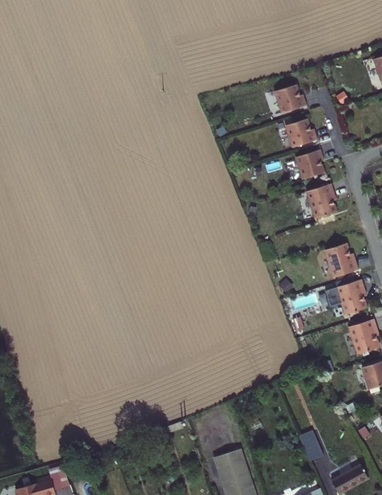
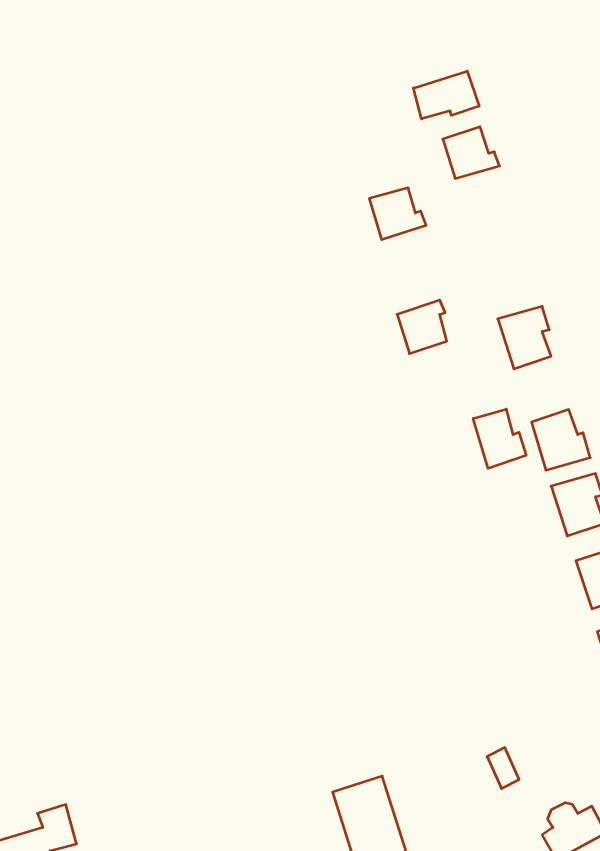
building: none -> [413,71,479,119]
building: [286,119,318,148] -> [369,188,426,240]
building: [294,150,322,180] -> [397,300,447,354]
building: none -> [473,409,526,468]

